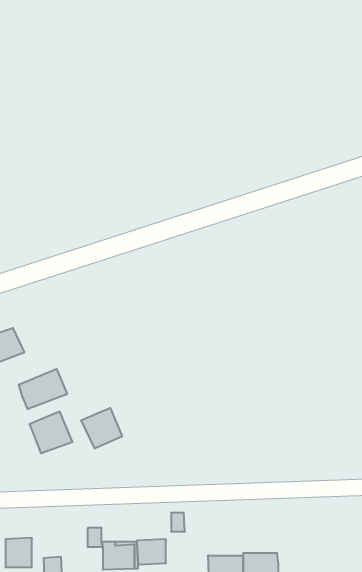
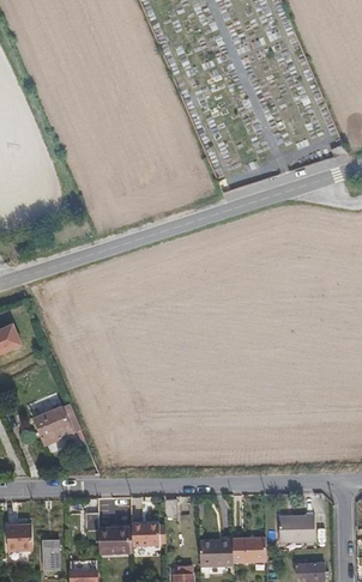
building: [19,369,67,409] -> none
building: [81,408,122,449] -> none
building: none -> [278,514,314,542]

